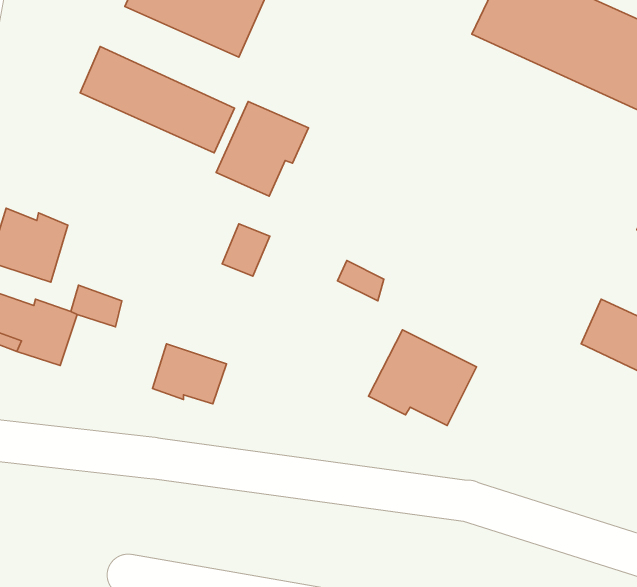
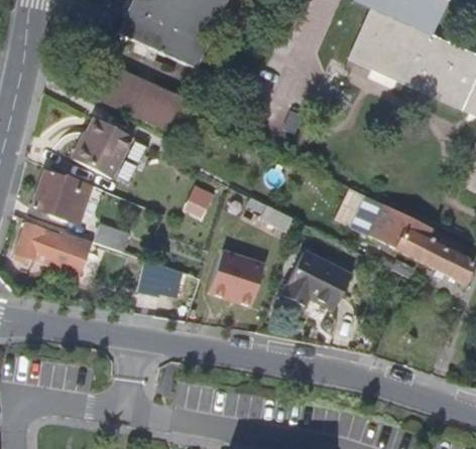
building: [216,101,309,196] -> none
building: none -> [76,119,131,179]
building: none -> [345,189,433,260]
building: none -> [209,245,267,304]

